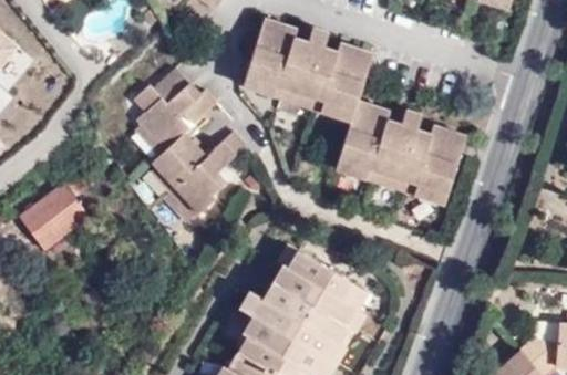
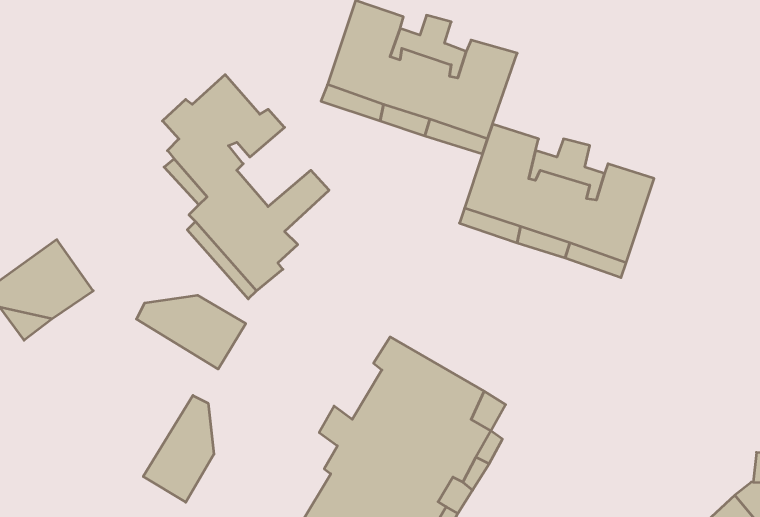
building: none -> [136,295,246,369]
building: none -> [143,395,214,502]

